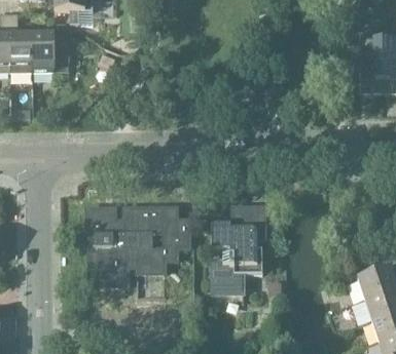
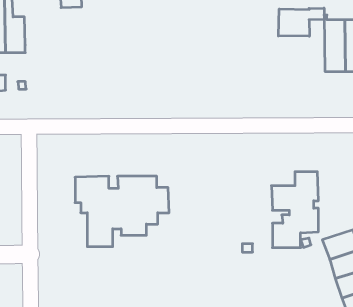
building: none -> [278,8,324,36]
building: [31,31,69,71] -> none
building: [211,205,262,288] -> [271,172,318,248]

